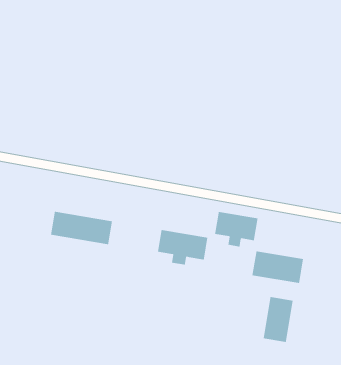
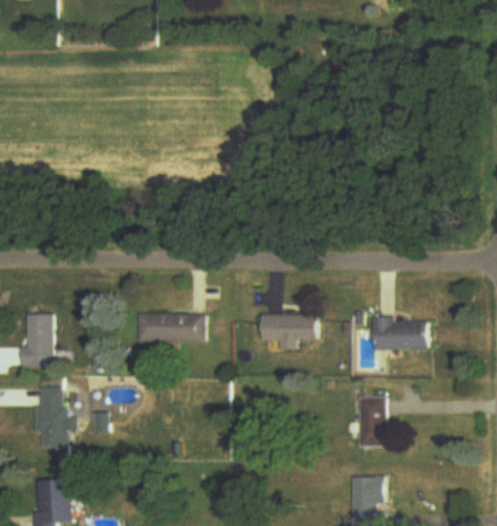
building: [215,211,258,247] -> none
building: [263,296,294,343] -> [356,397,384,446]

